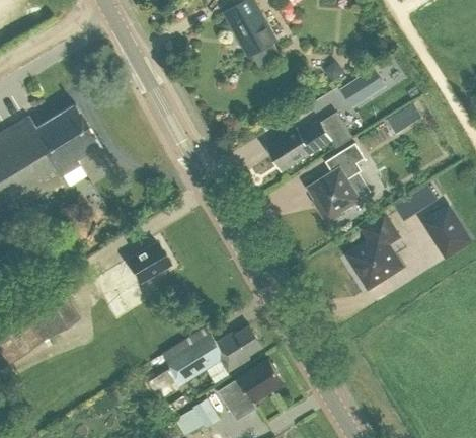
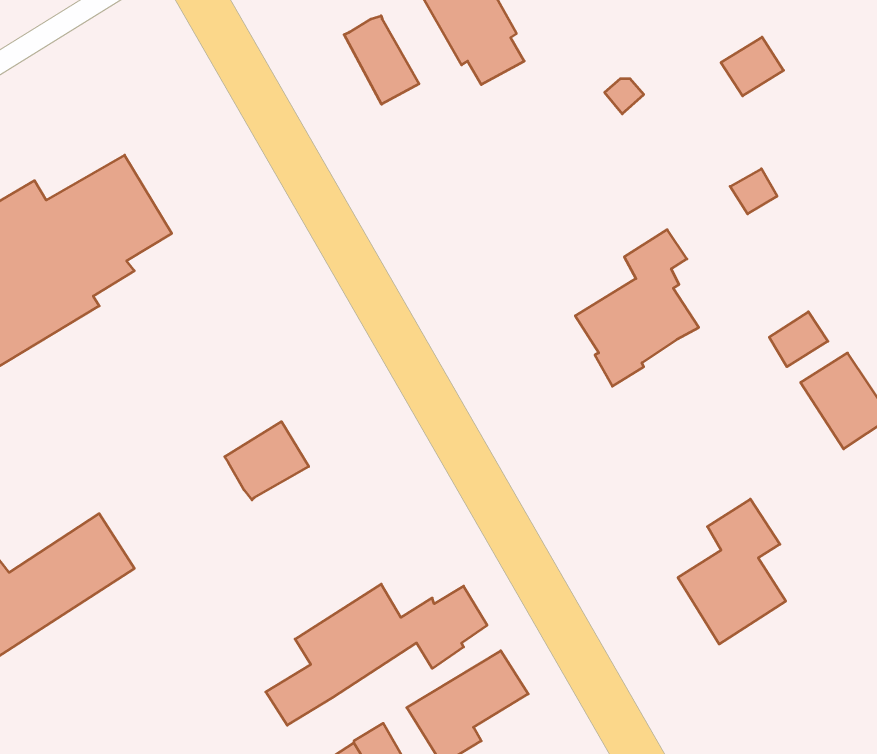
building: none -> [344,16,419,104]
building: [341,77,374,107] -> [721,37,784,96]
building: [266,114,351,170] -> none
building: [346,213,402,288] -> [678,499,786,644]

